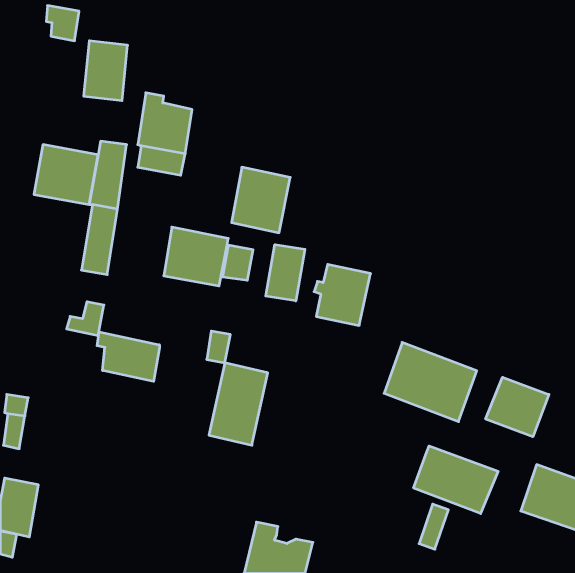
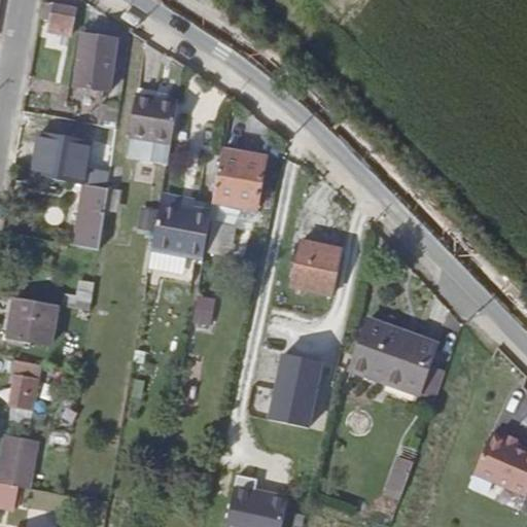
building: [266,245,305,301] -> none
building: none -> [7,298,54,345]
building: [97,332,160,381] -> none
building: [209,363,268,445] -> [269,355,322,430]
building: [486,377,549,437] -> none
building: [414,446,498,514] -> none

